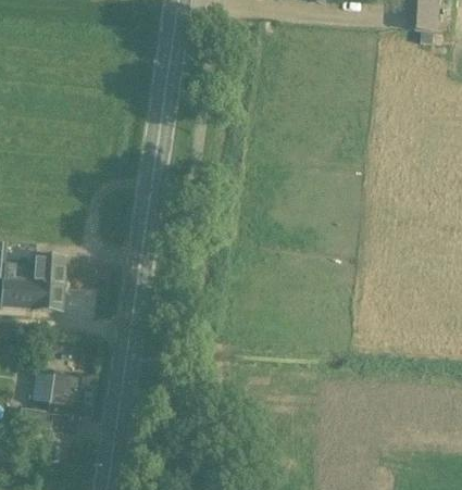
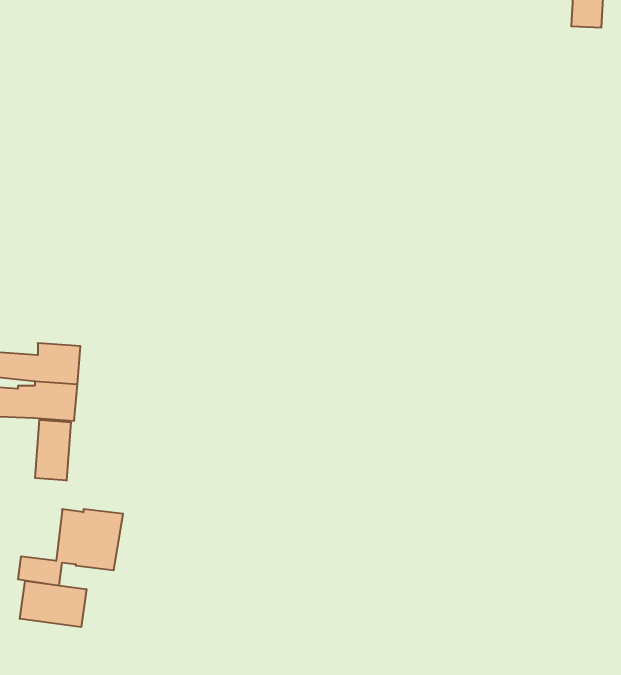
building: none -> [35,420,71,481]
building: none -> [20,581,86,627]

